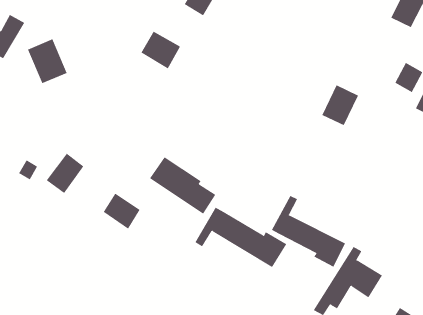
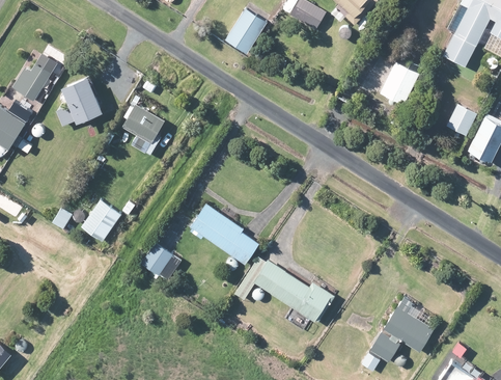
building: [140,31,181,69] -> [123,105,166,145]
building: [322,85,359,126] -> [380,62,419,106]
building: [271,195,346,267] -> none

